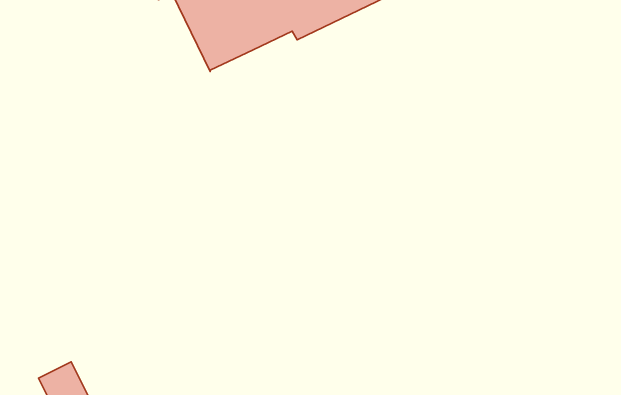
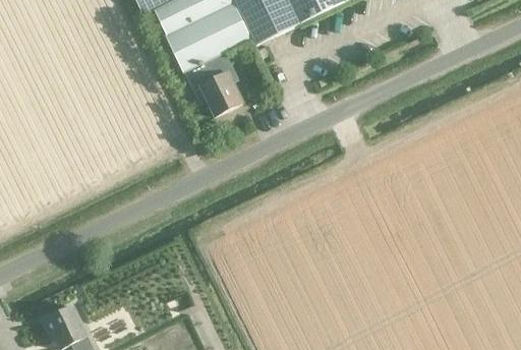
building: none -> [184,53,242,115]

